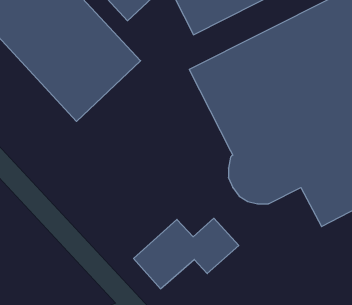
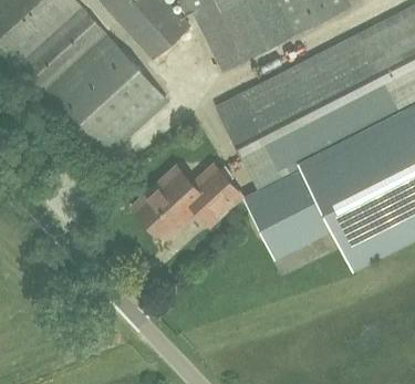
building: [134,218,239,289] -> [133,167,240,239]

